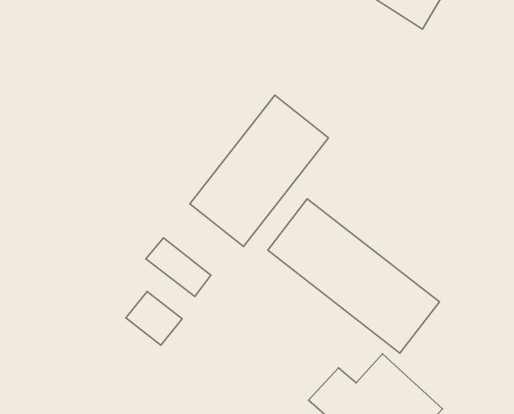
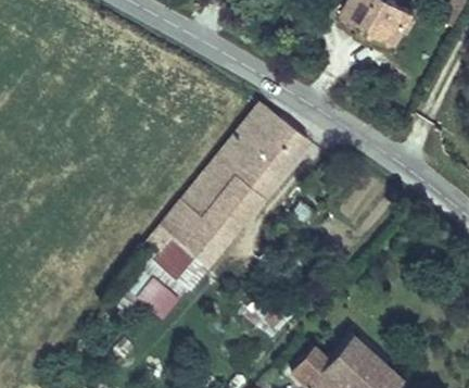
building: [268,199,439,353] -> none
building: none -> [163,198,232,264]

